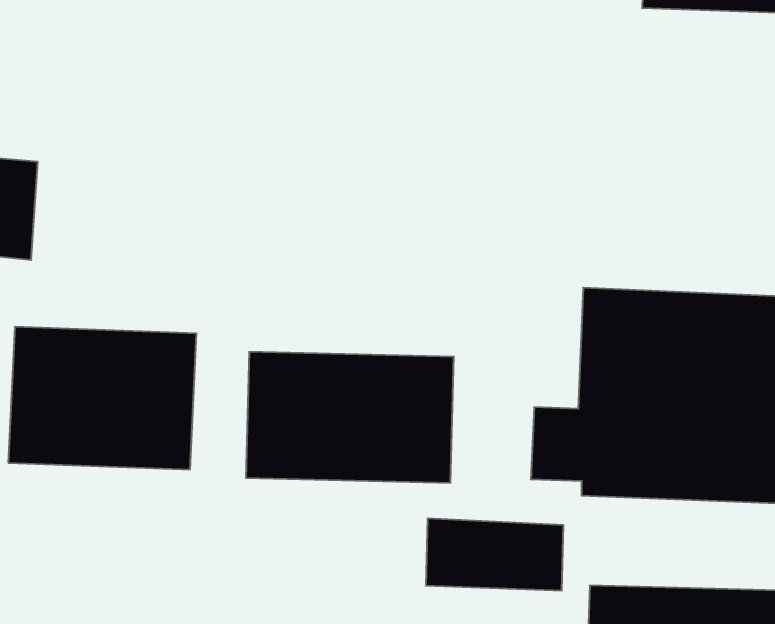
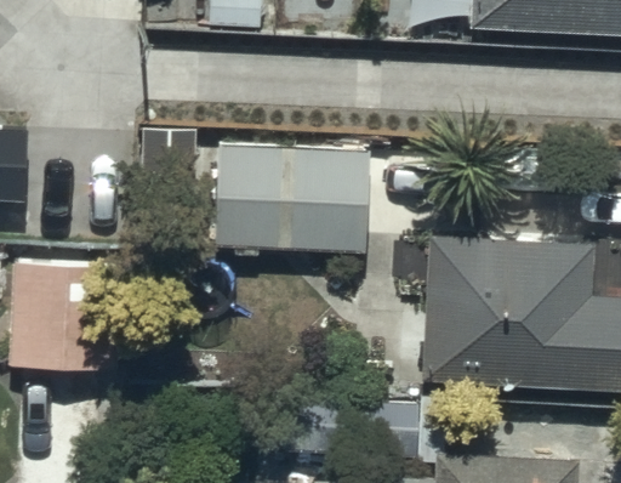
building: [246,352,454,483] -> [220,150,374,248]

